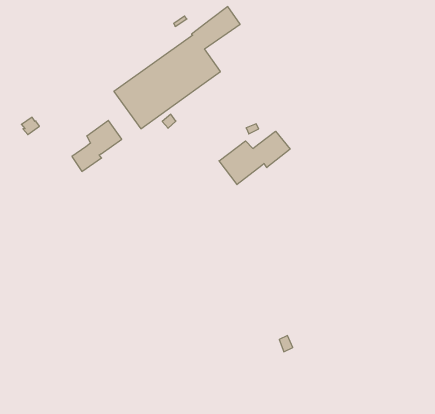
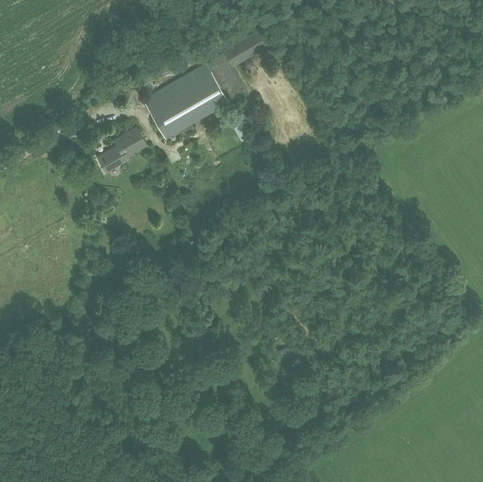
building: [219,131,290,185] -> none

